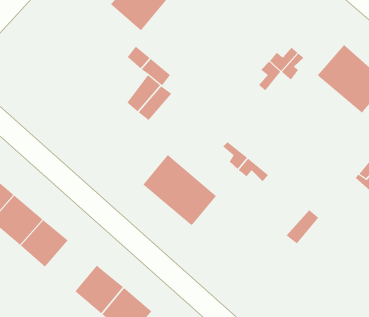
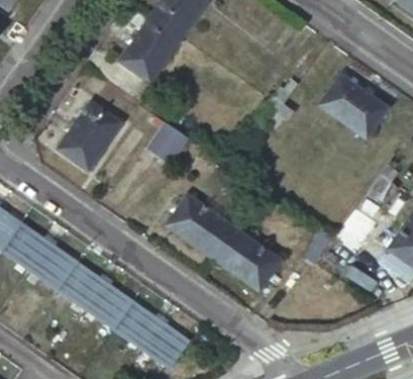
building: none -> [59,101,124,172]
building: none -> [217,228,284,291]
building: none -> [85,283,132,329]

